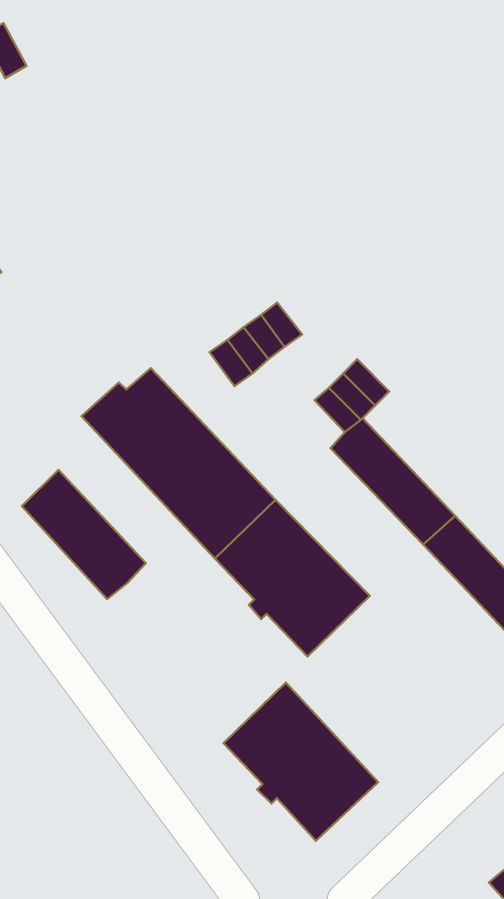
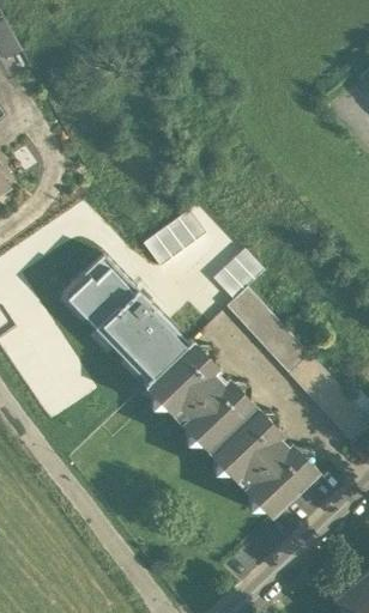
building: [22,470,146,599] -> none
building: [223,683,378,841] -> [210,407,314,514]

